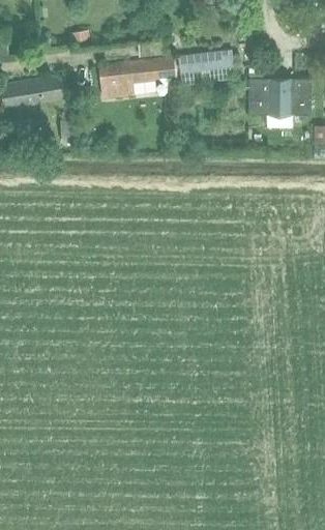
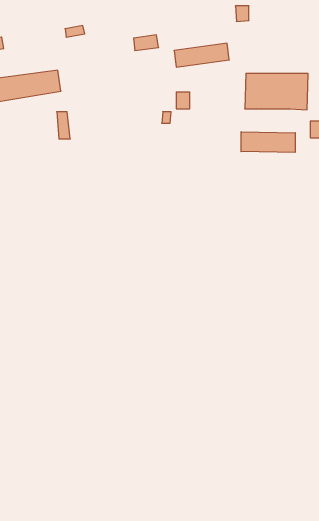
building: [100,59,171,98] -> none
building: none -> [241,132,295,152]

